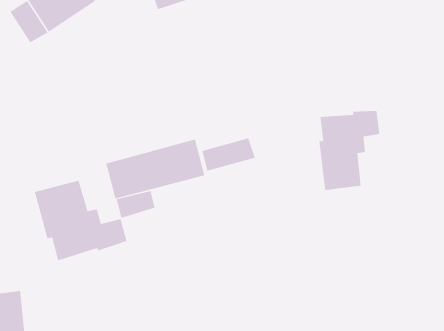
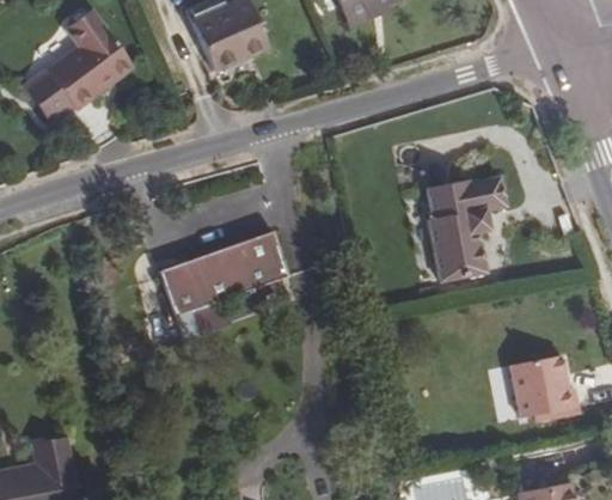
building: [202,137,256,172] -> none
building: [34,180,127,261] -> none
building: none -> [510,354,577,417]

